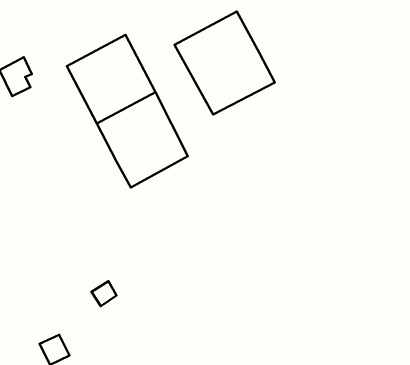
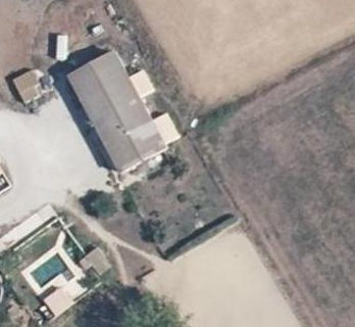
building: [175,12,275,115] -> none

